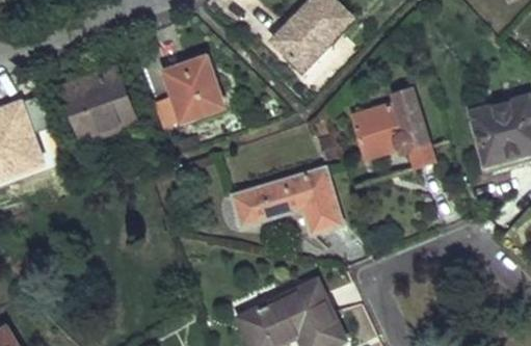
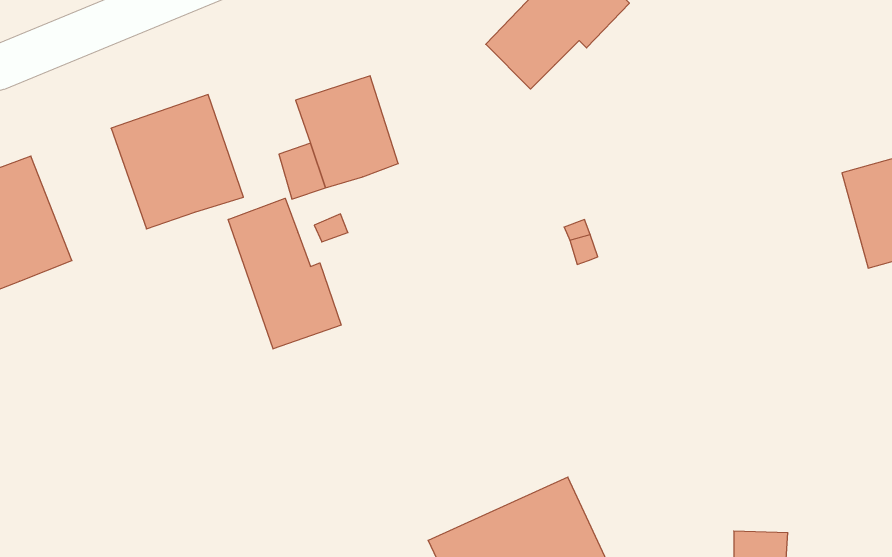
building: [356,87,435,168] -> none
building: none -> [228,198,341,349]
building: [234,168,341,232] -> none

